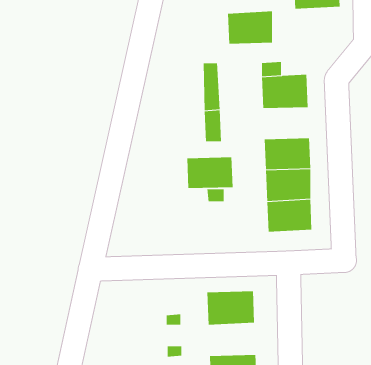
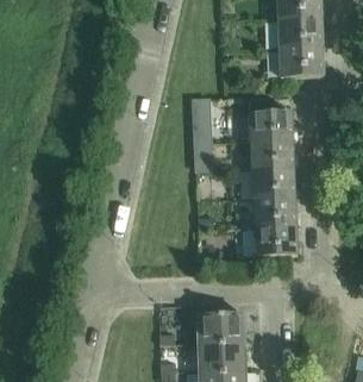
building: [227,11,273,44] -> [278,46,321,77]
building: [186,157,234,189] -> [249,140,293,170]
building: none -> [198,342,243,372]

